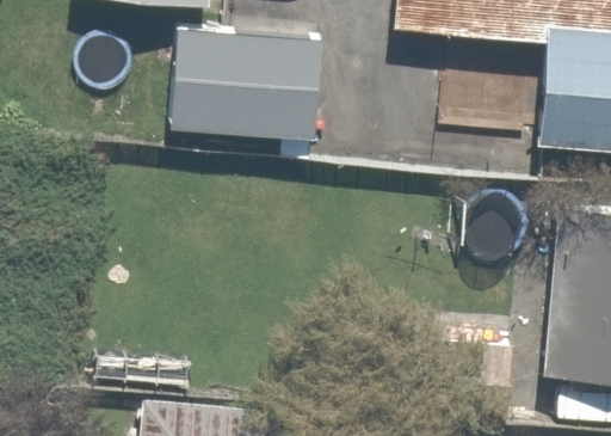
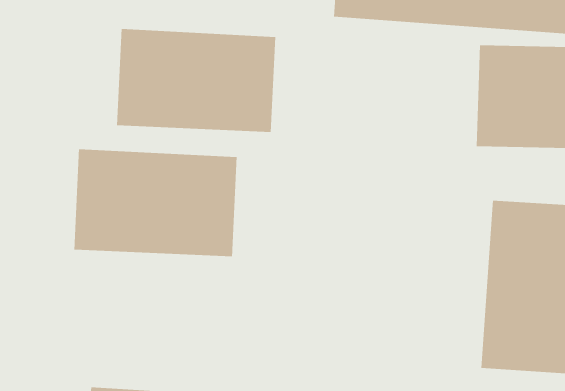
building: none -> [74,148,237,257]

